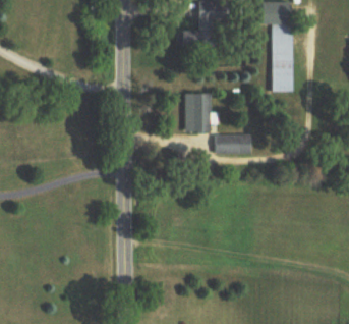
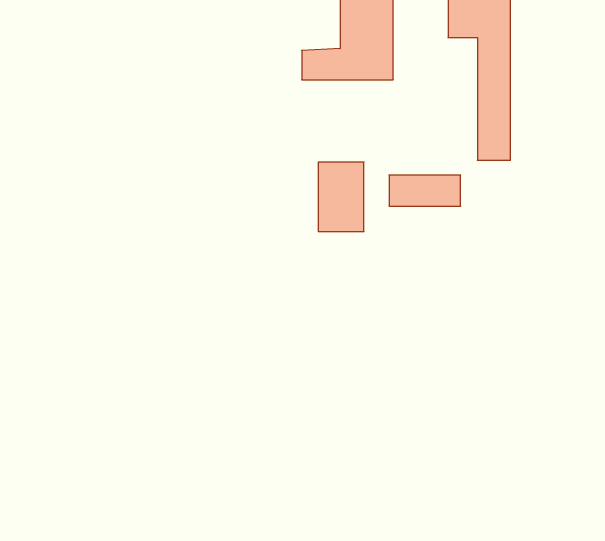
building: [215,136,254,153] -> [389,175,461,206]

